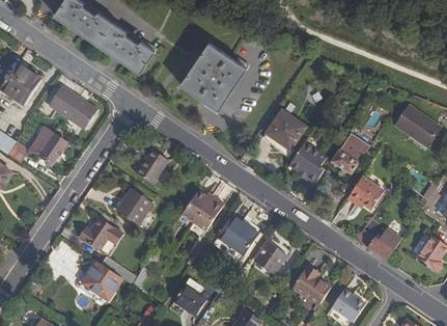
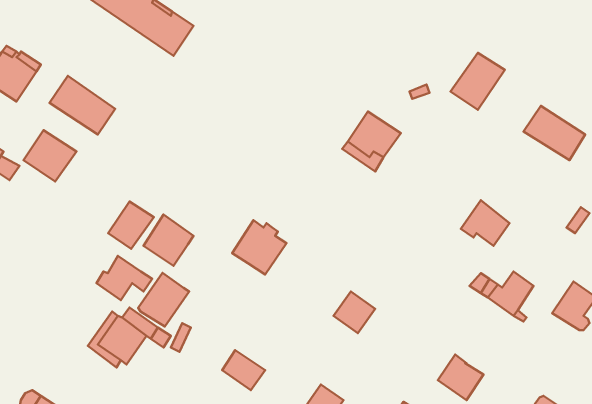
building: [180,39,248,110] -> none
building: [331,133,370,174] -> [451,53,505,110]
building: [288,141,326,182] -> none
building: [135,151,168,185] -> [108,202,154,249]
building: [217,216,257,255] -> none
building: none -> [138,273,189,327]
building: [292,266,330,304] -> none

